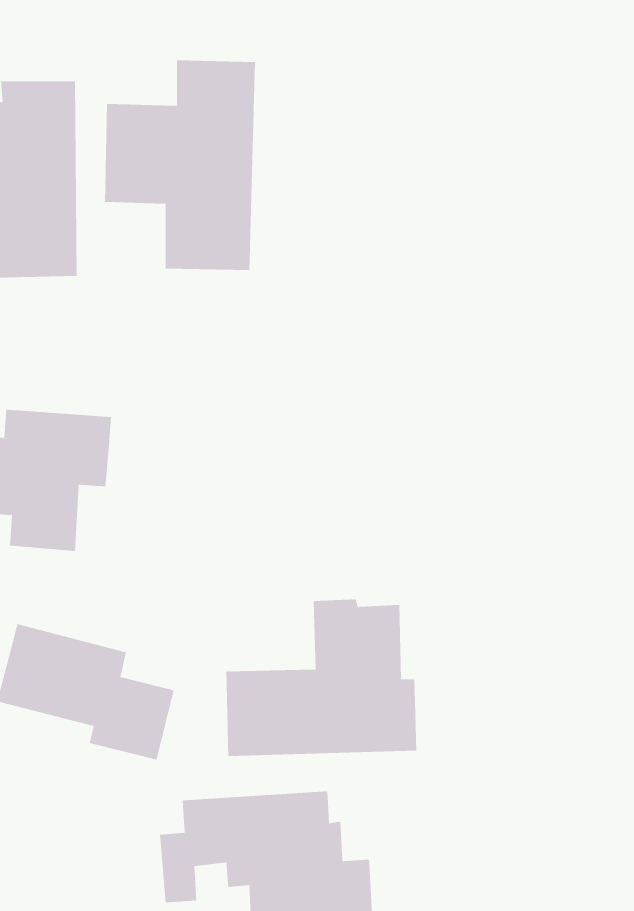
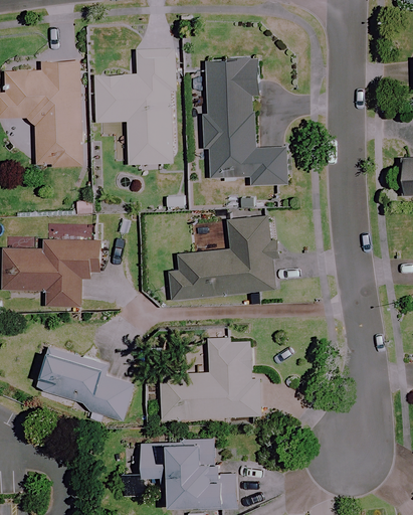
building: none -> [205,60,287,186]
building: none -> [163,216,277,302]

